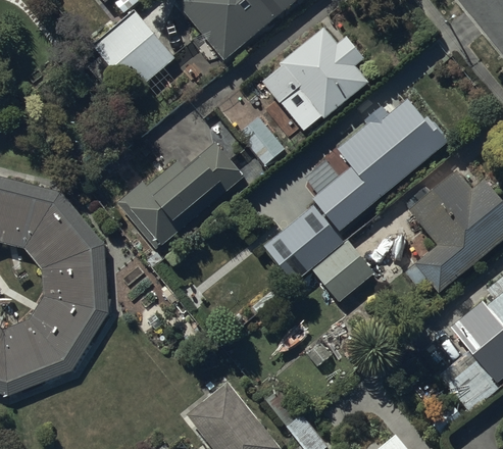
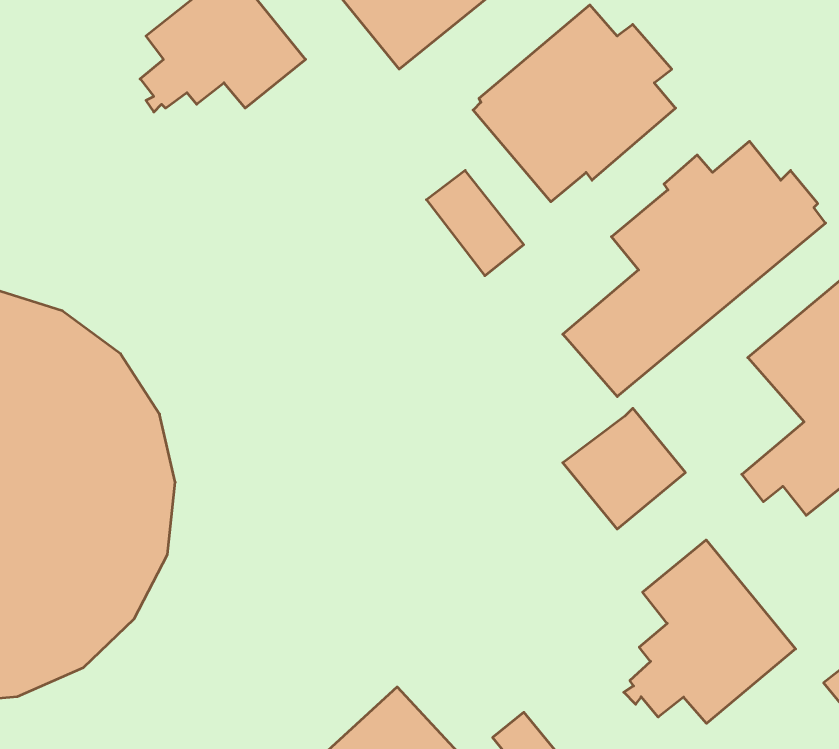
building: [116,140,243,245] -> none
building: [262,203,342,281] -> none
building: none -> [624,540,796,723]

